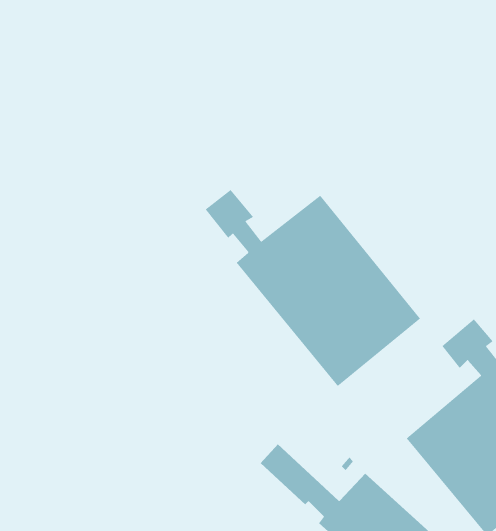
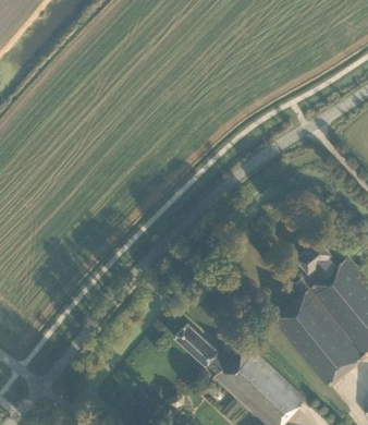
building: [205,189,421,387] -> none

